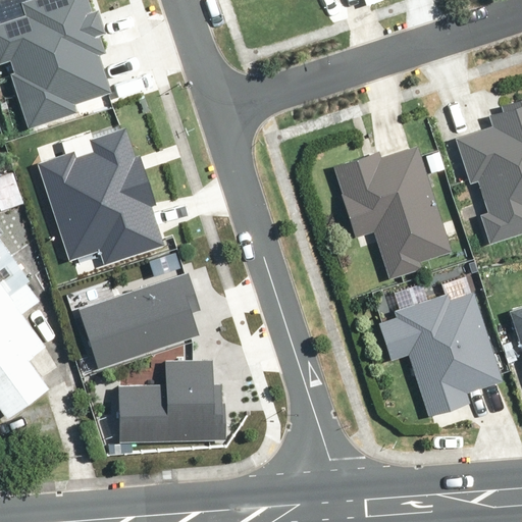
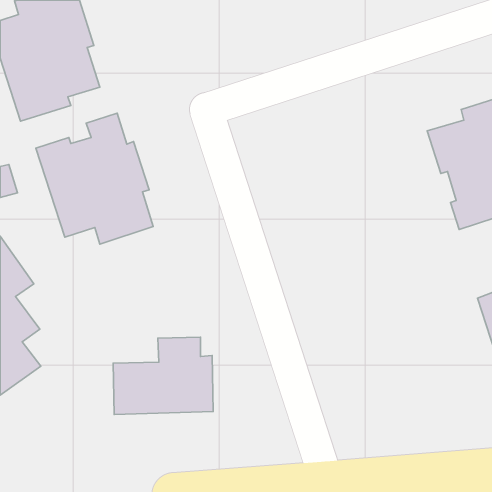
building: [328,149,448,278] -> none
building: [83,270,201,362] -> none
building: [375,296,500,417] -> none

